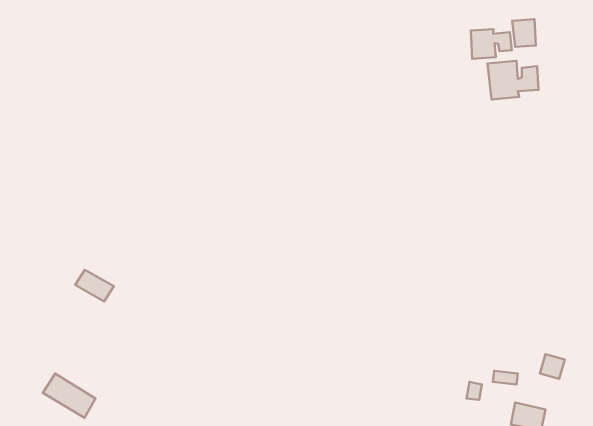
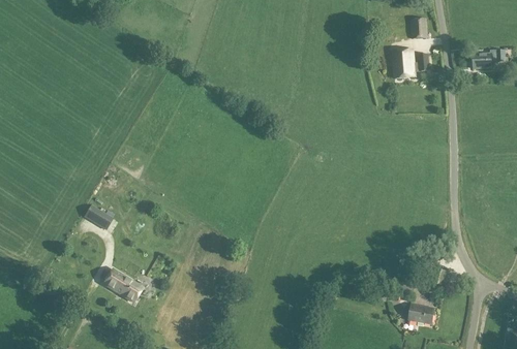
building: [471,29,512,59] -> none
building: [43,374,95,418] -> [102,267,142,300]

